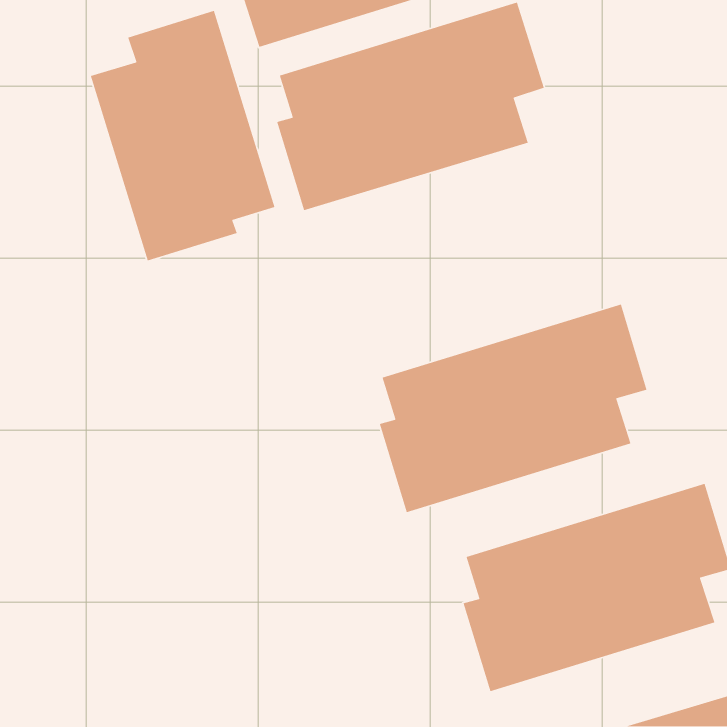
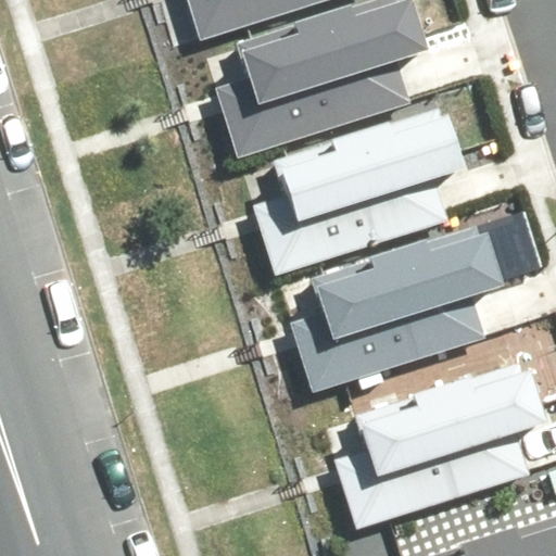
building: [90,10,276,261] -> none
building: none -> [260,111,462,268]

